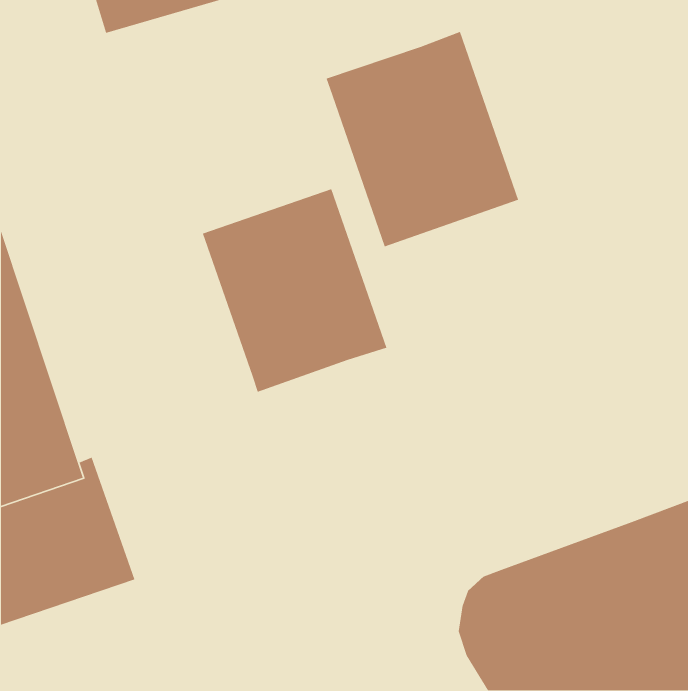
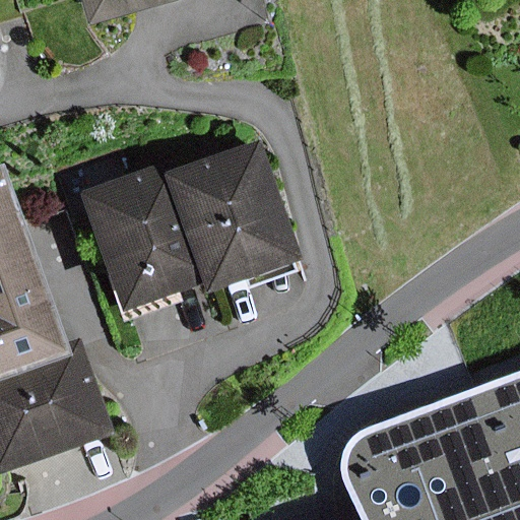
building: [325,31,519,247] -> none
building: none -> [72,165,192,310]

